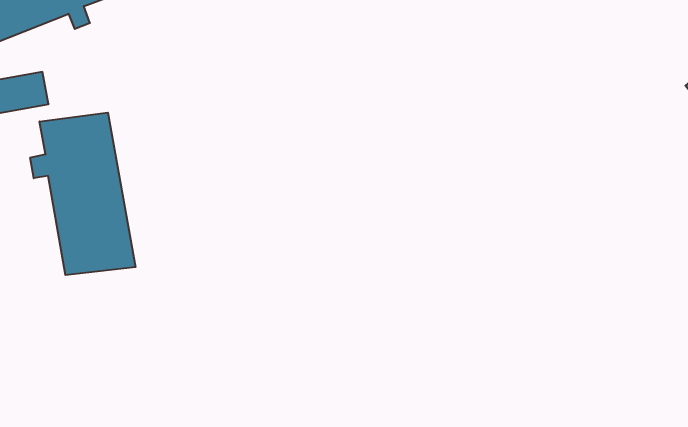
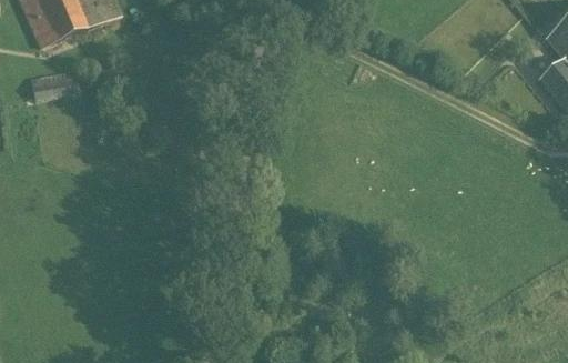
building: [30,113,136,275] -> none

